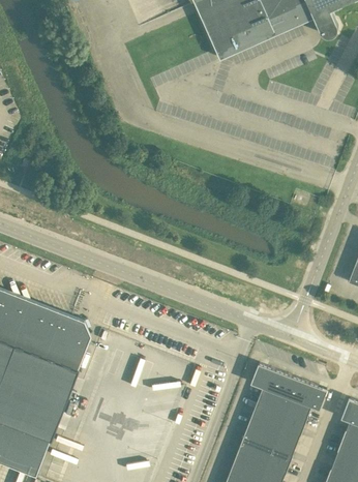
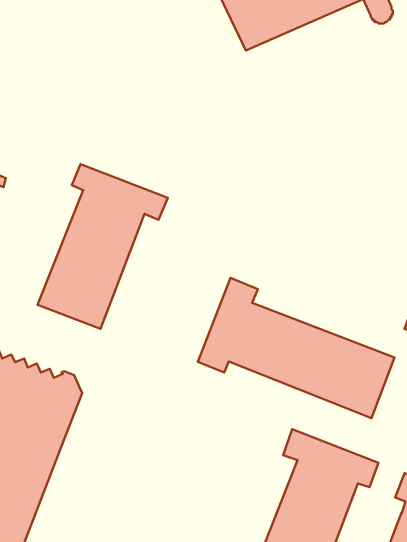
building: none -> [38,164,168,329]
building: none -> [198,278,395,418]

